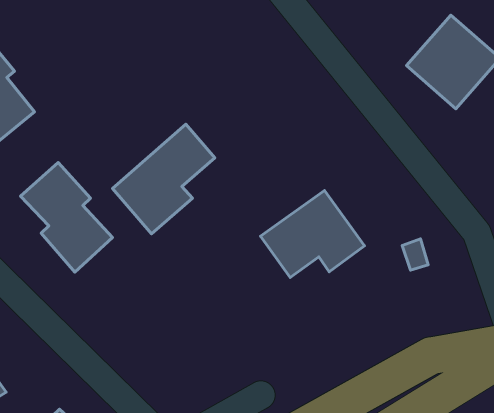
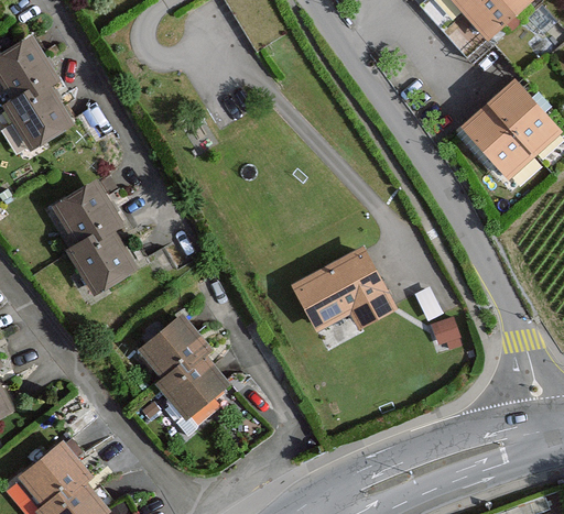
building: [113,124,215,234] -> none
building: none -> [140,320,235,433]

